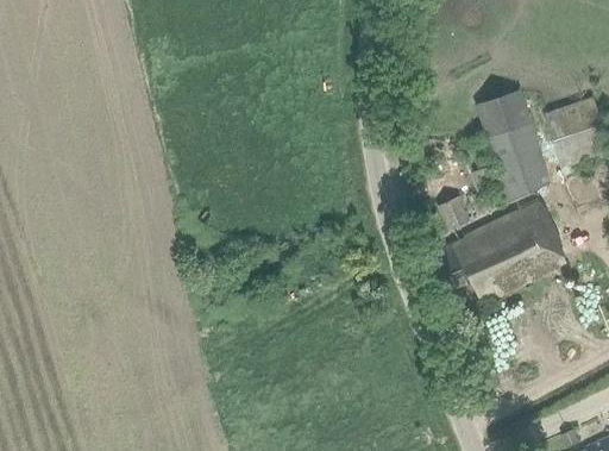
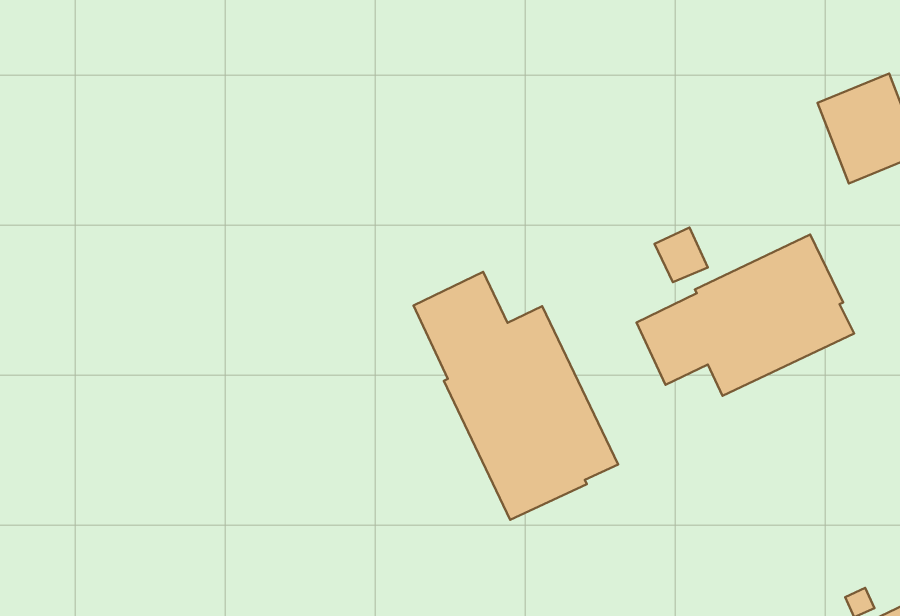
building: [477,89,551,202] -> none
building: none -> [414,272,618,520]

